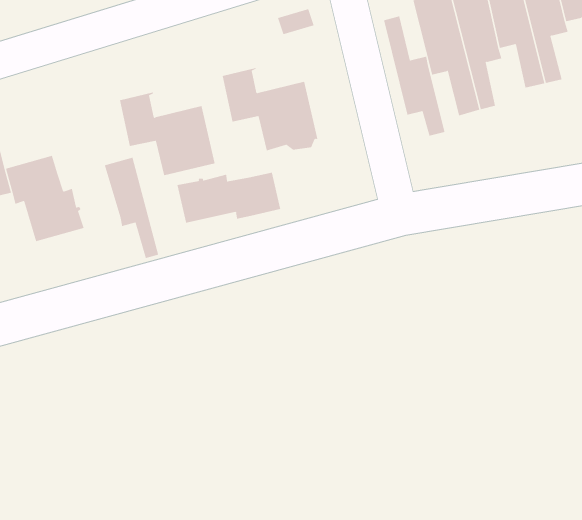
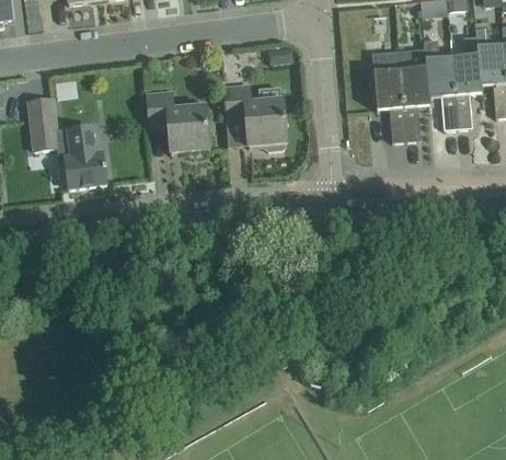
building: [384,16,445,137] -> none
building: [104,157,159,259] -> none
building: [177,172,281,223] -> none

